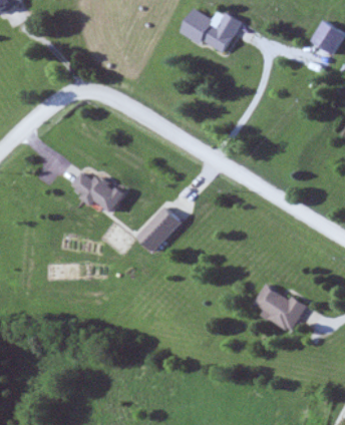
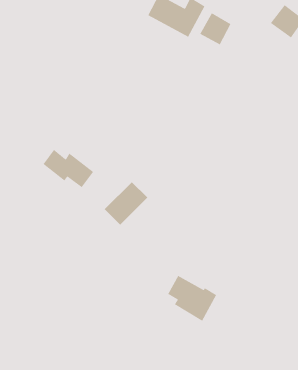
building: none -> [199,12,231,45]
building: [254,284,306,333] -> [167,275,217,322]

